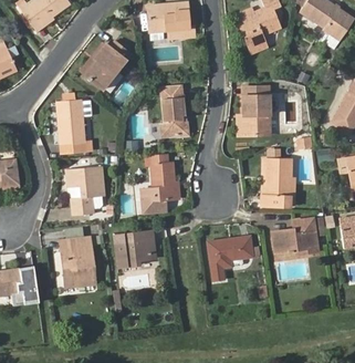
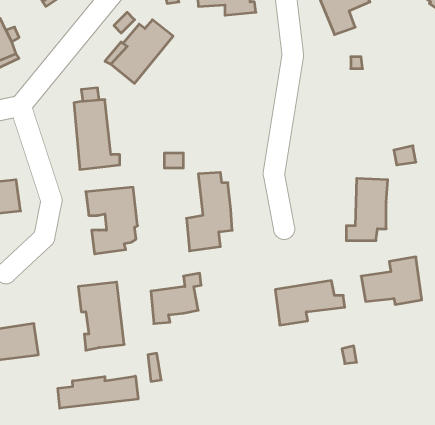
building: [161,86,188,137] -> none
building: [244,87,270,135] -> none
building: none -> [58,376,138,408]

